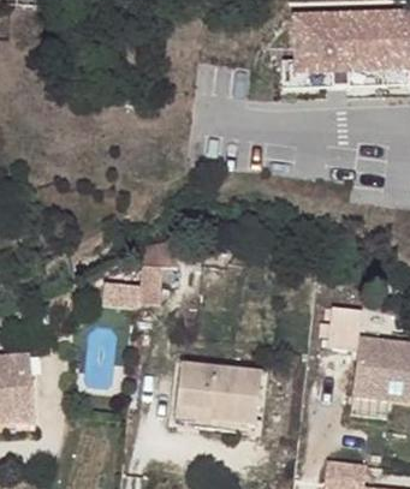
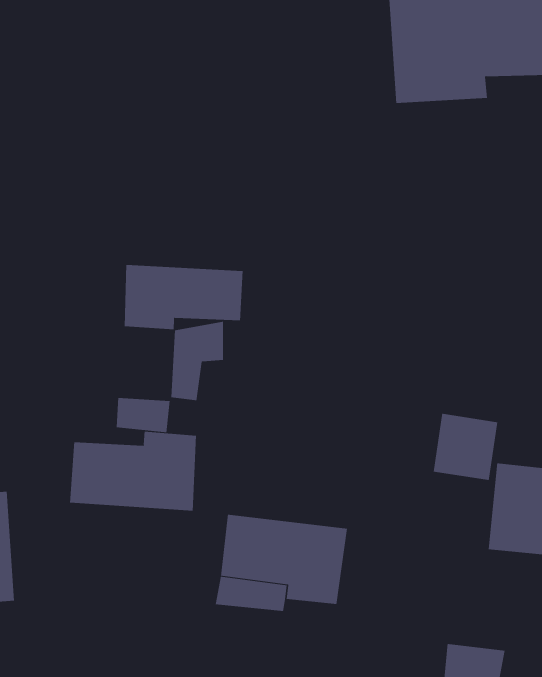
building: none -> [124,264,243,330]
building: none -> [69,431,197,512]

